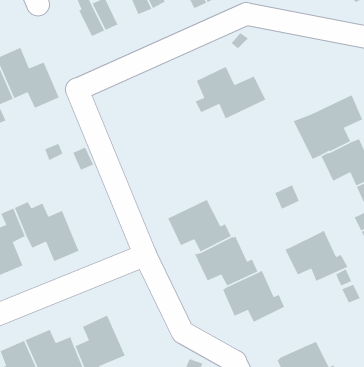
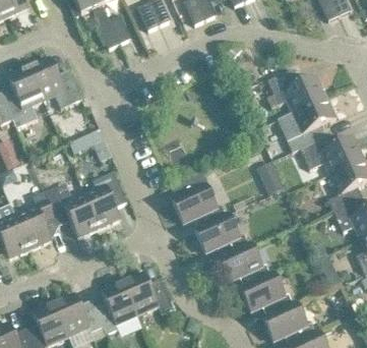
building: [195,66,266,119] -> [266,67,326,112]
building: none -> [84,171,127,227]
building: [284,229,349,282] -> [240,272,294,315]
building: none -> [122,271,174,314]

